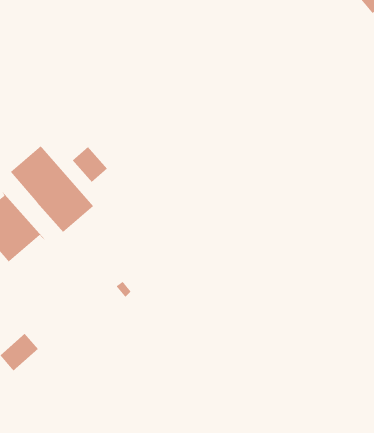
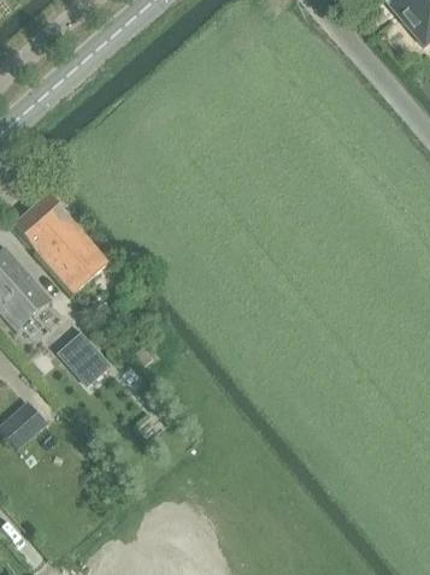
building: [72,146,108,183] -> none
building: none -> [55,332,110,387]

